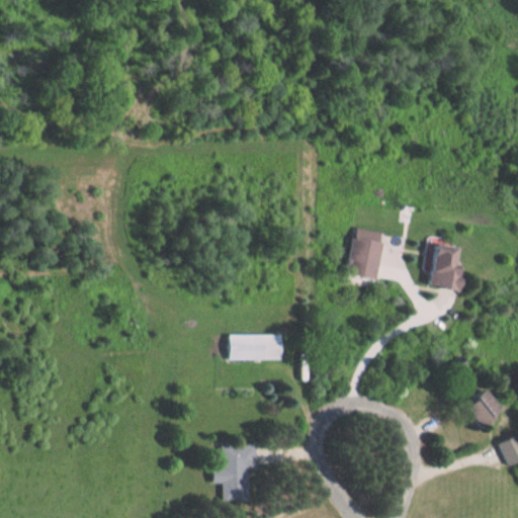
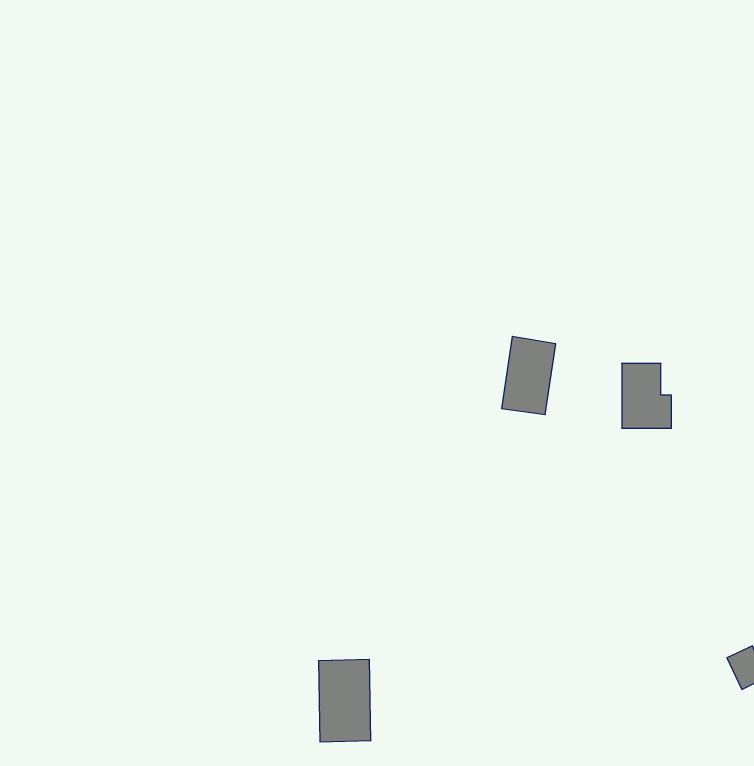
building: [228,334,286,359] -> none
building: [462,387,498,424] -> none

